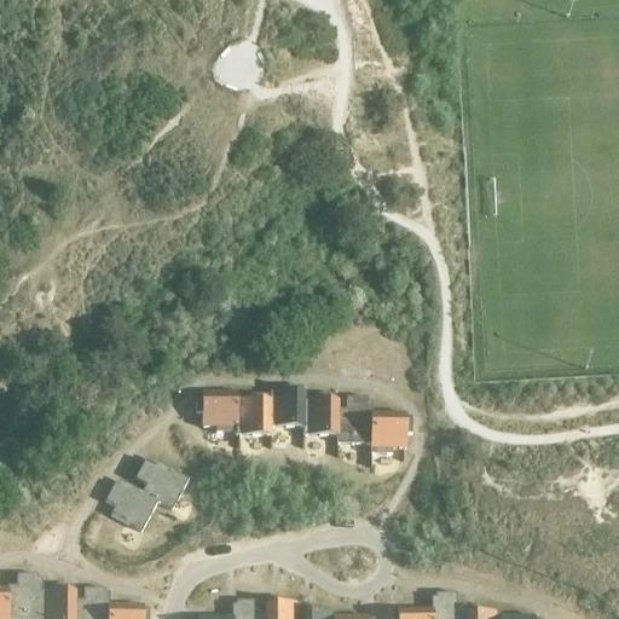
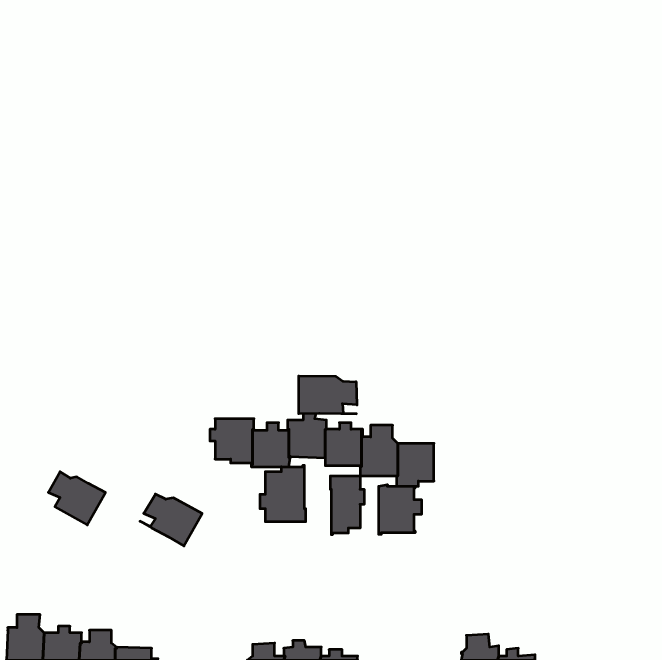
building: none -> [299,376,357,414]
building: none -> [260,465,306,522]
building: none -> [330,476,364,535]
building: none -> [379,485,421,534]
building: [104,481,157,531] -> [48,472,105,525]

